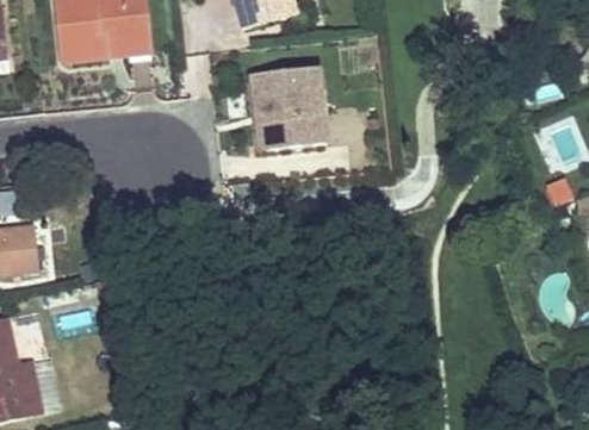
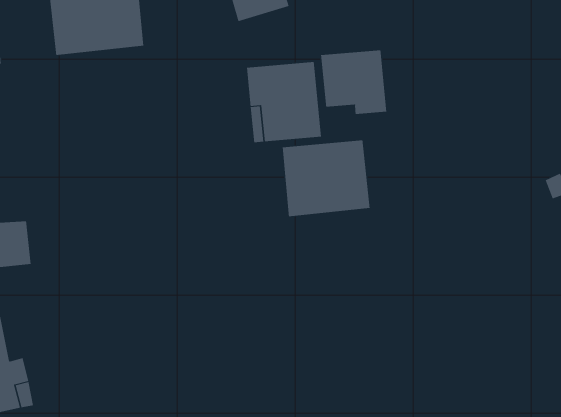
building: none -> [321,49,387,115]
building: none -> [282,139,370,217]

